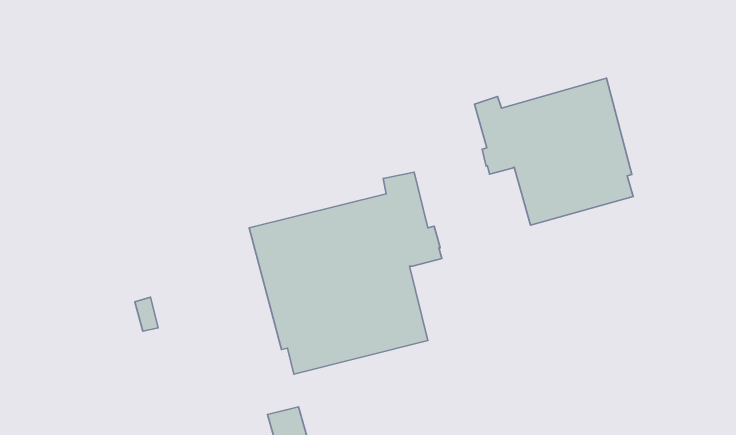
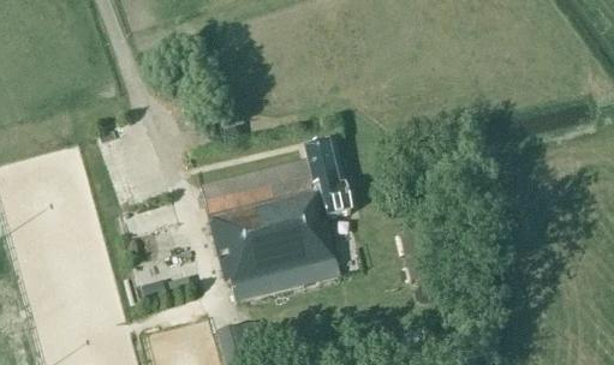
building: [475,78,633,225] -> none

